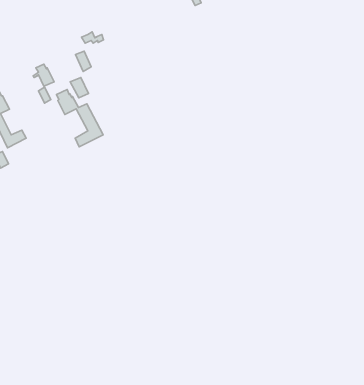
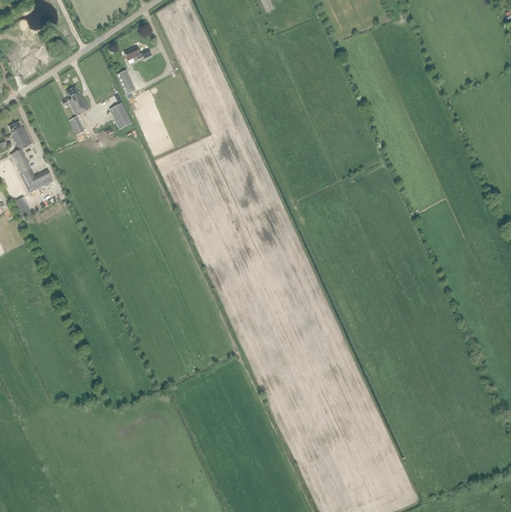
building: [57,90,103,147] -> none

